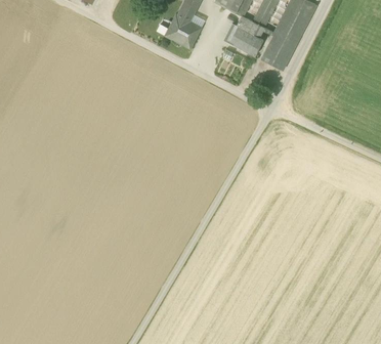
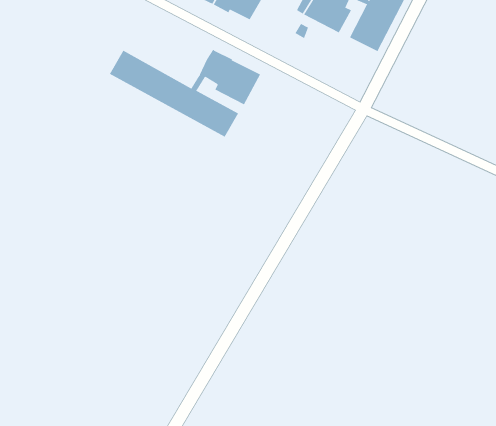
building: none -> [109,49,261,137]

